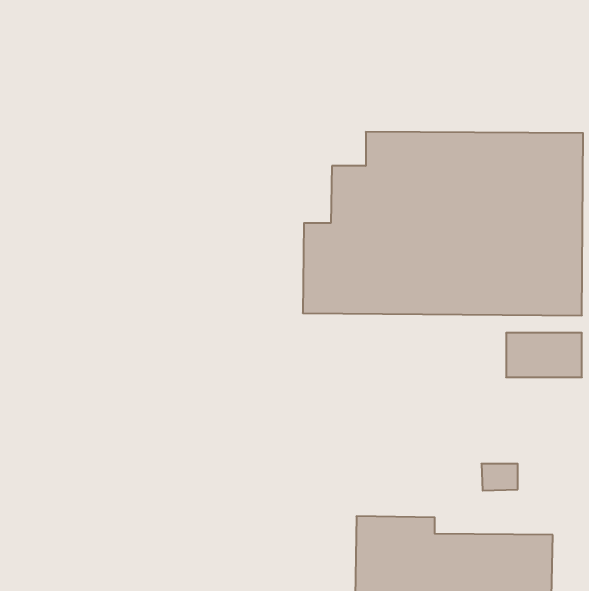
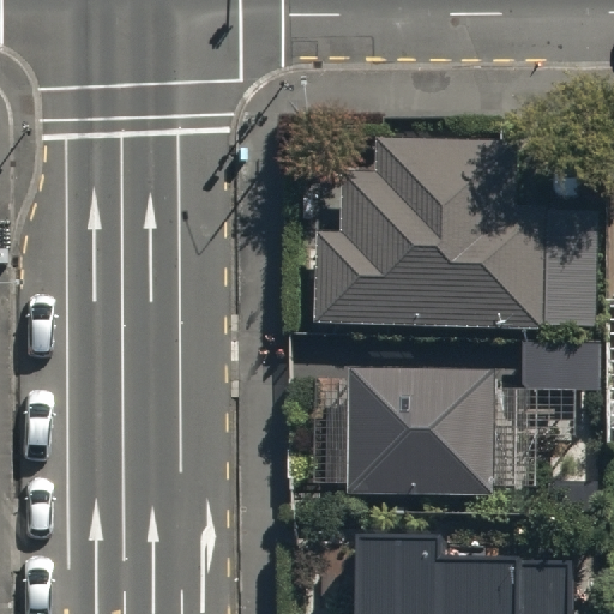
building: none -> [347,367,489,496]

